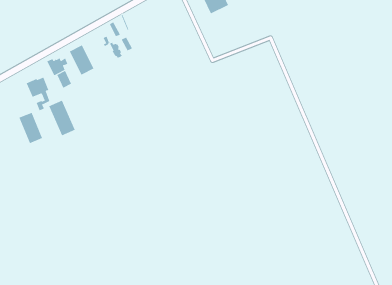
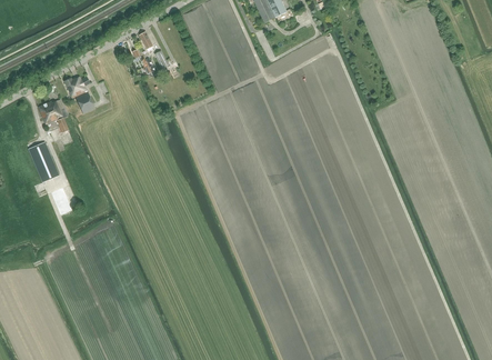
building: [69,45,94,75] -> none
building: [49,100,75,136] -> none

